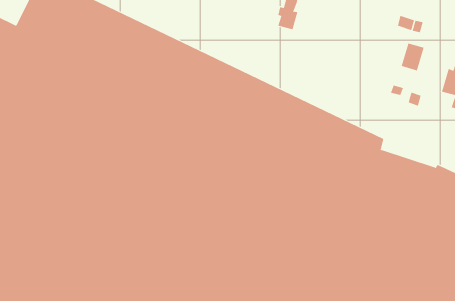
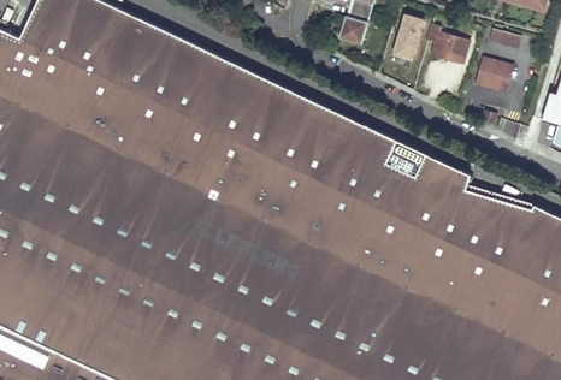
building: none -> [392,17,425,65]
building: none -> [429,26,471,64]
building: none -> [474,55,502,89]

